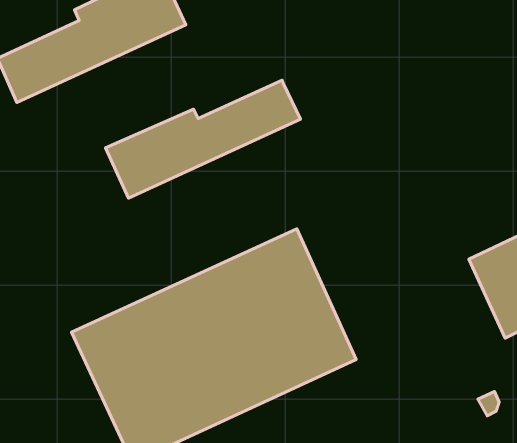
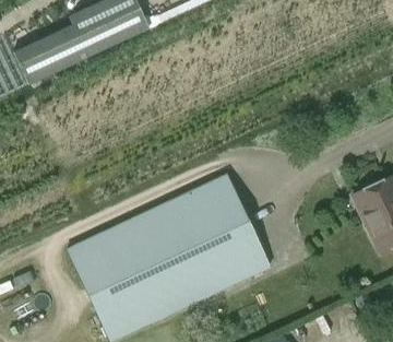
building: [105,80,301,198] -> none

